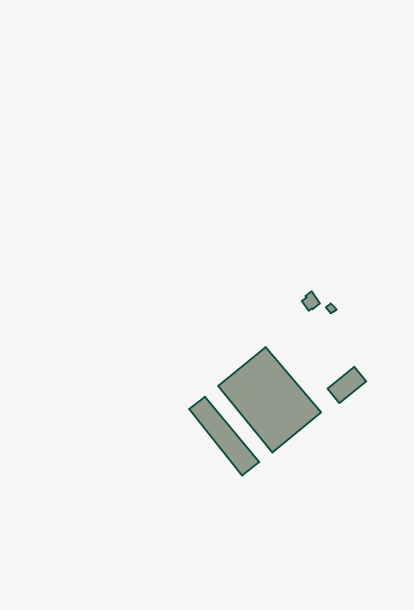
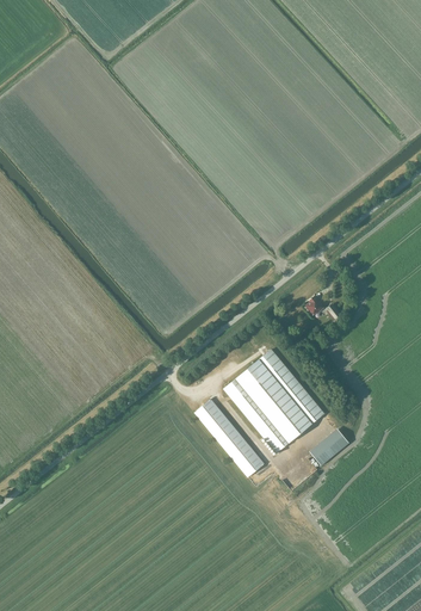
building: [328,367,366,403] -> [310,428,348,464]

